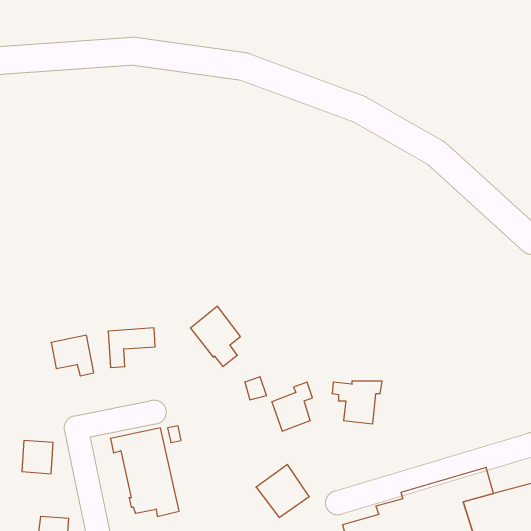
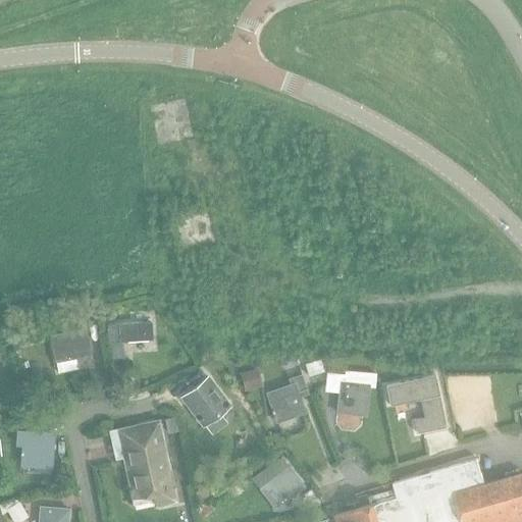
building: [190,306,240,367] -> [181,376,230,435]
building: none -> [386,376,447,434]

